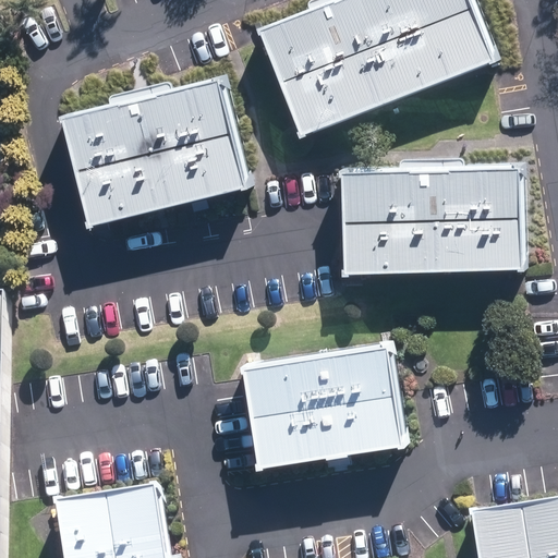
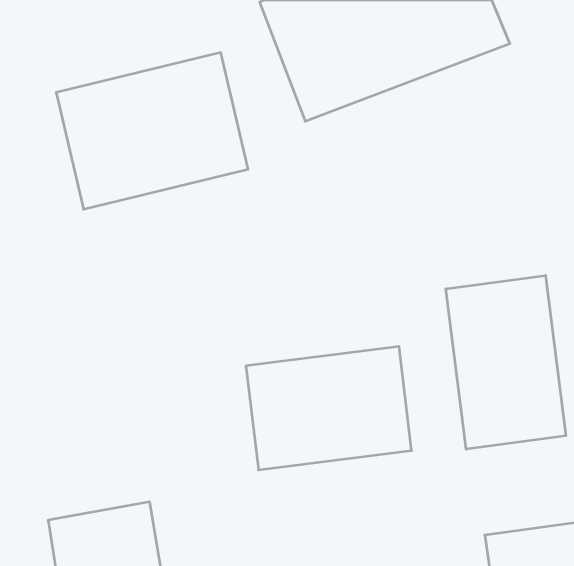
building: [341,162,525,272] -> none
building: none -> [446,275,566,449]

